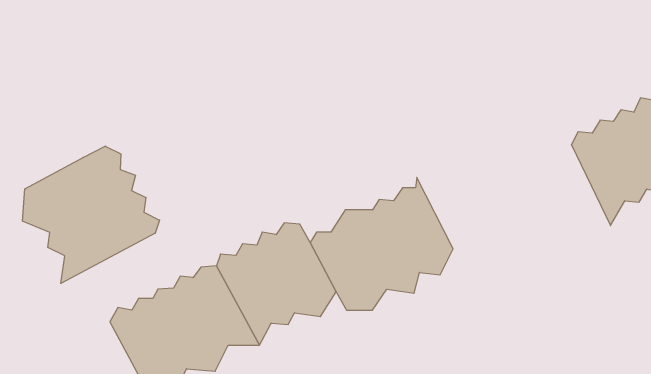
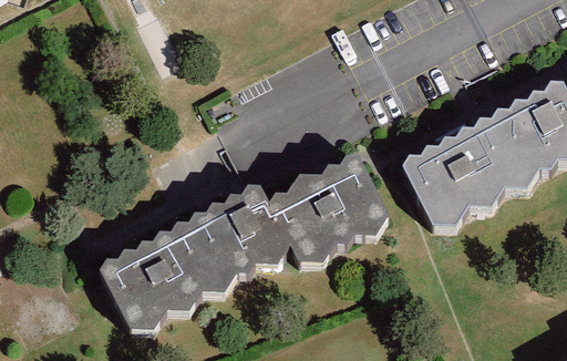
building: none -> [400,125,523,235]
building: [23,146,160,283] -> none

